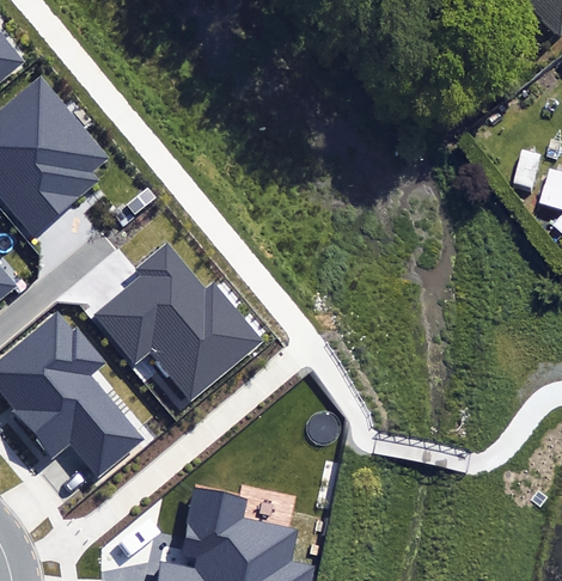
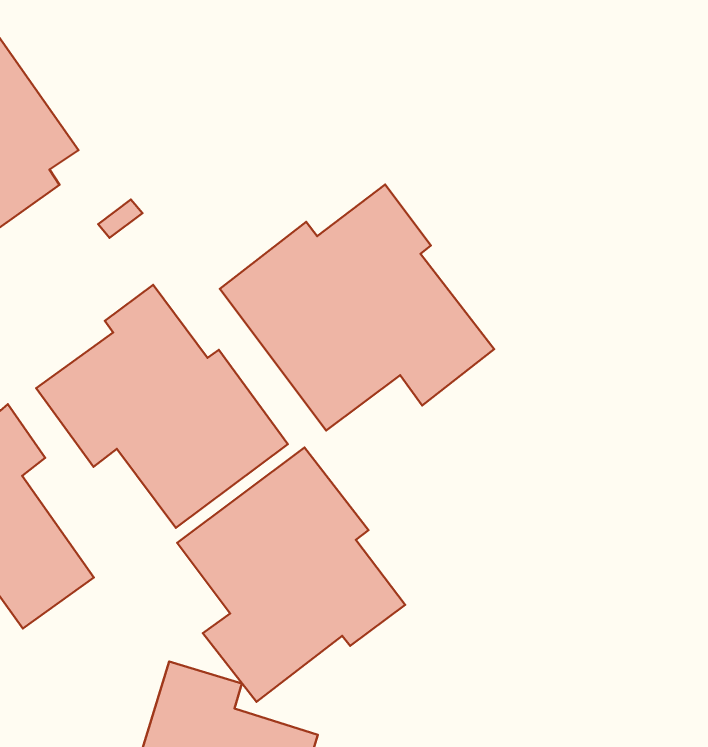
building: none -> [220,184,494,431]
building: none -> [177,448,405,702]

